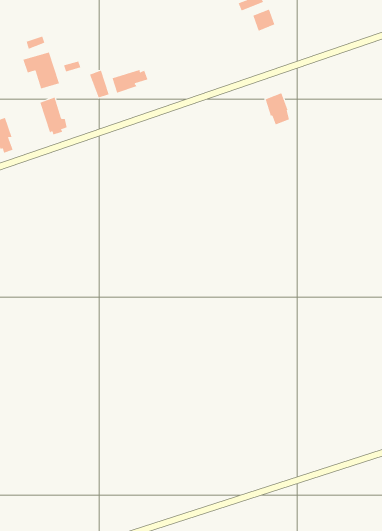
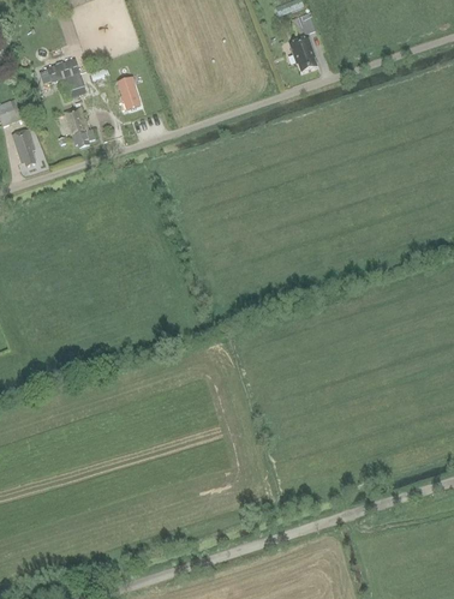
building: [112,69,148,94] -> none
building: [265,92,290,125] -> [291,37,317,72]

